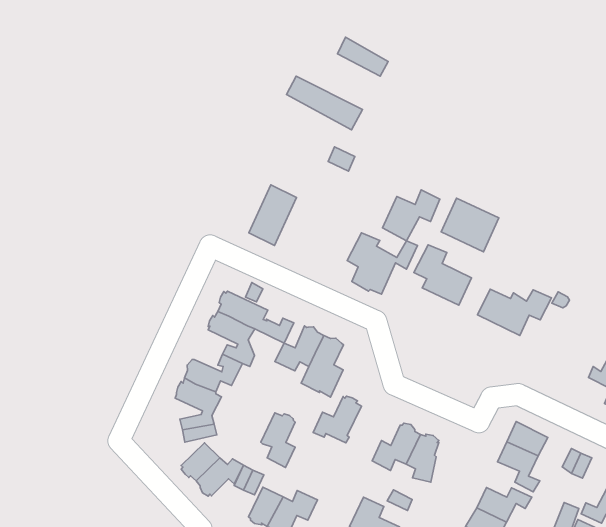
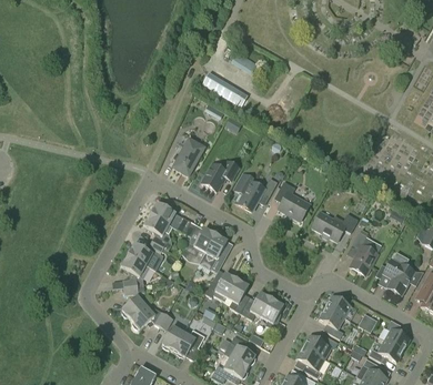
building: [383,190,440,241] -> [201,160,238,191]
building: [441,198,499,252] -> none
building: none -> [349,231,376,274]
building: [261,413,295,467] -> [225,278,248,313]

